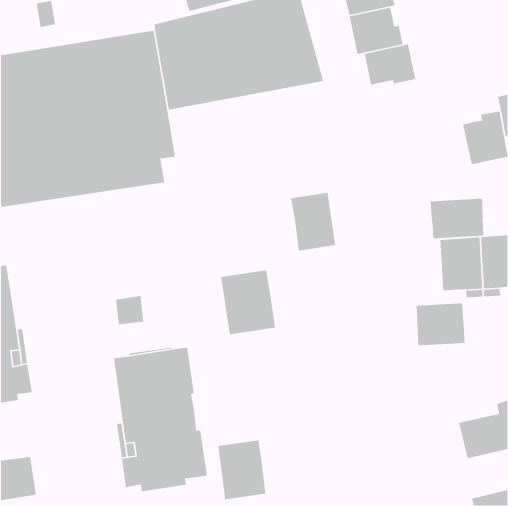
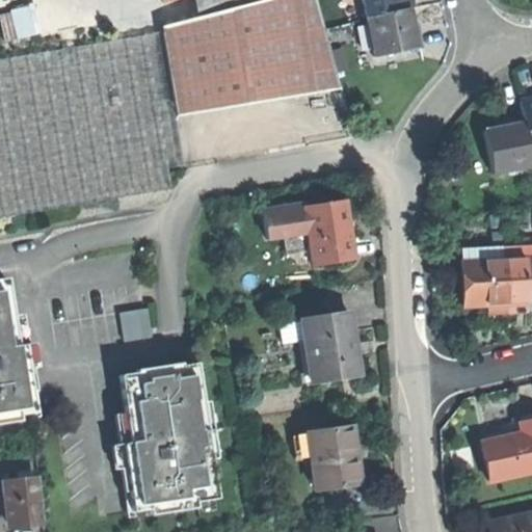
building: [364,44,416,85] -> none
building: none -> [261,200,308,236]
building: [430,198,484,239] -> none
building: [220,269,276,335] -> [299,312,357,380]
building: [416,302,466,346] -> none
building: [217,439,266,500] -> [307,425,357,488]

